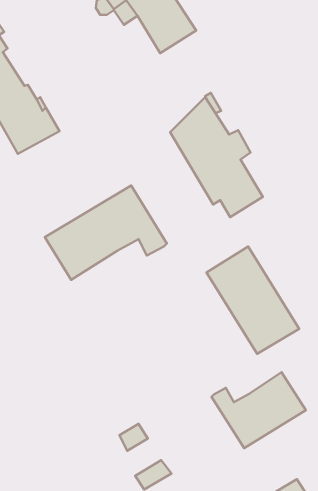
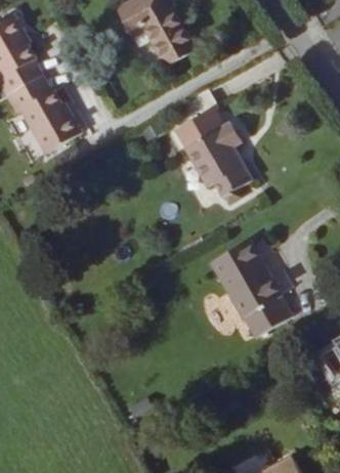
building: [45,186,167,280] -> none
building: [212,372,306,448] -> none

